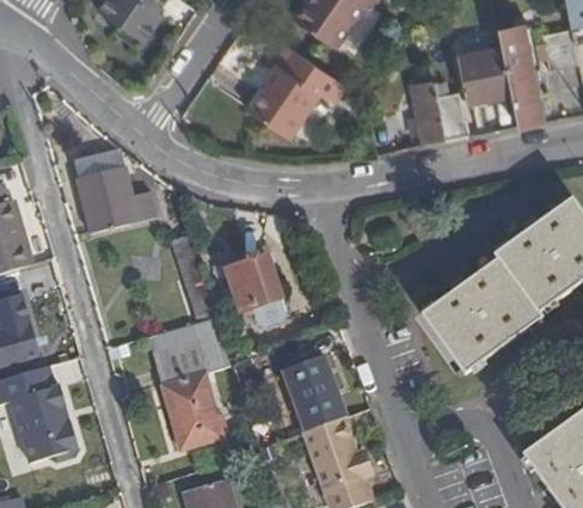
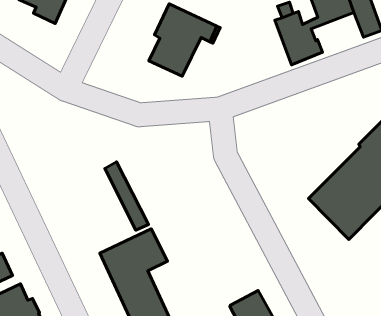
building: [74,148,160,232] -> none
building: [229,251,287,320] -> none
building: [280,355,344,432] -> none

